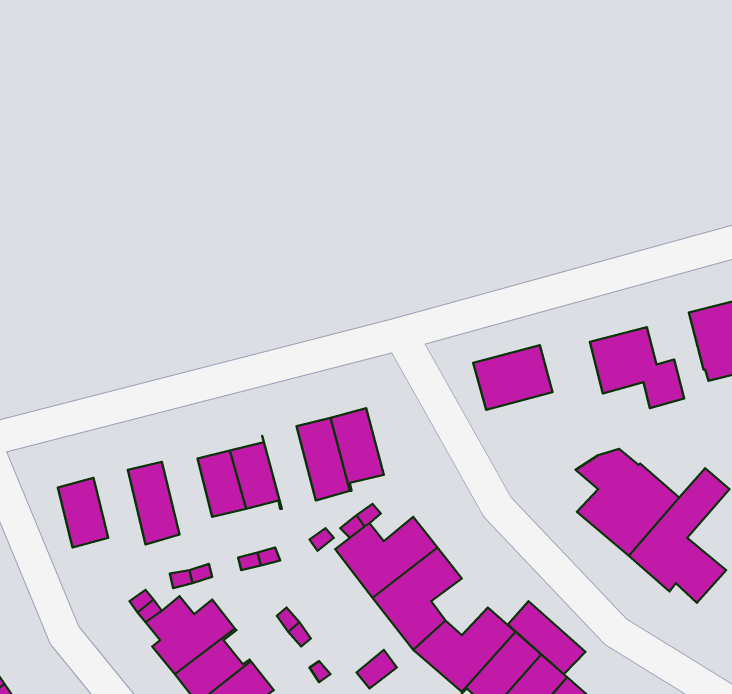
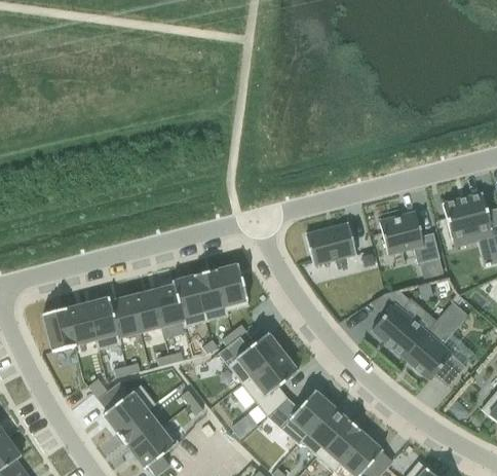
building: none -> [173,274,206,327]
building: none -> [109,295,141,343]
building: none -> [66,302,99,350]
building: [508,601,586,674] -> none

